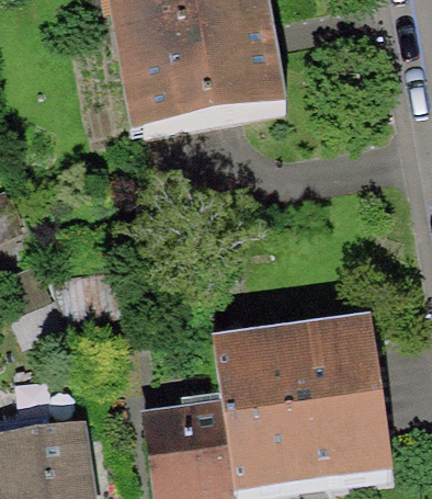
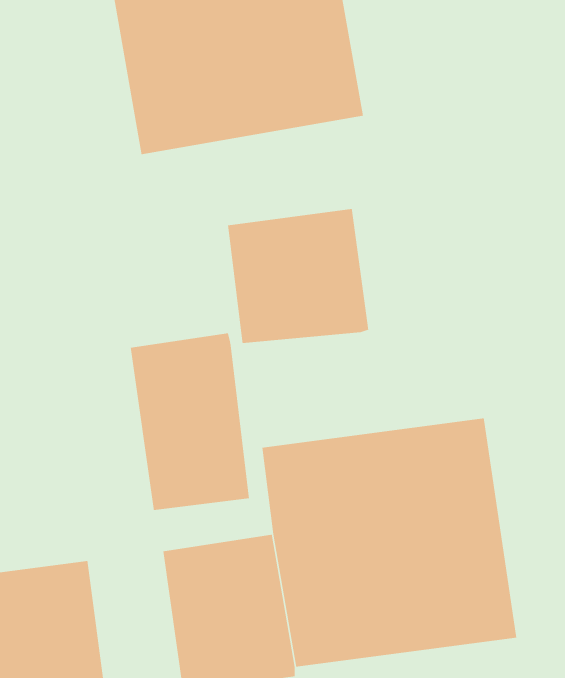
building: none -> [228,208,369,344]
building: none -> [130,332,249,511]

